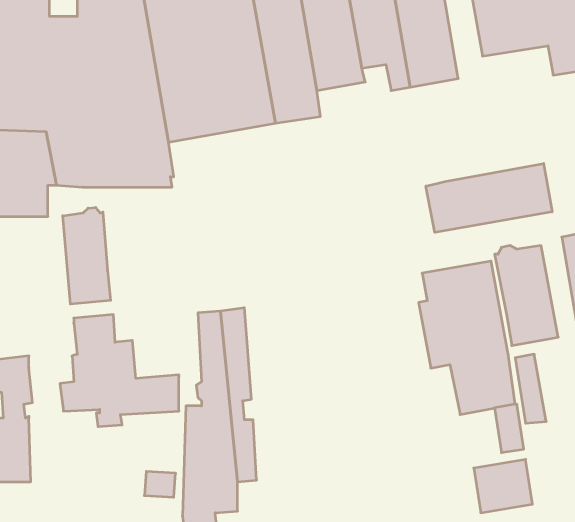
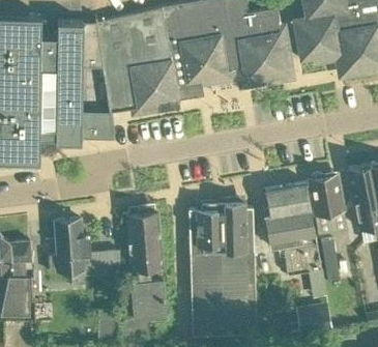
building: [426,163,552,232] -> none
building: [63,207,111,304] -> none
building: none -> [188,203,257,337]

